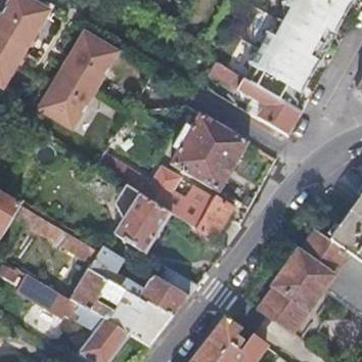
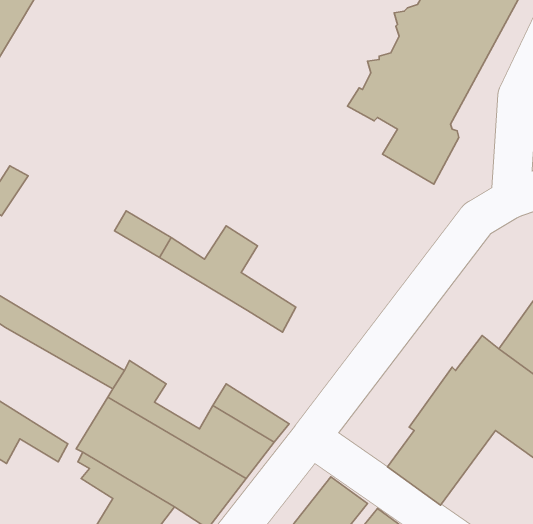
building: [39,32,119,129] -> none
building: [171,112,248,190] -> none
building: [115,184,174,254] -> none
building: [195,193,232,240] -> none

